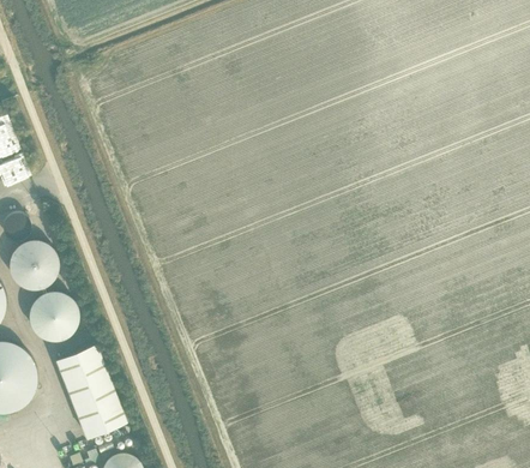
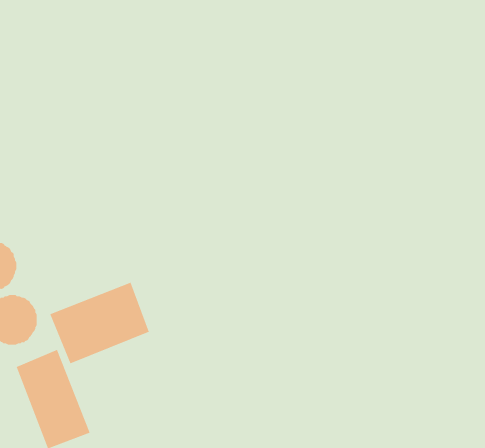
building: none -> [50,282,150,364]

